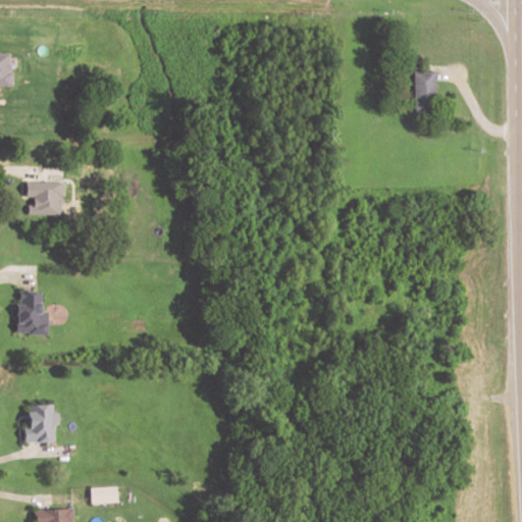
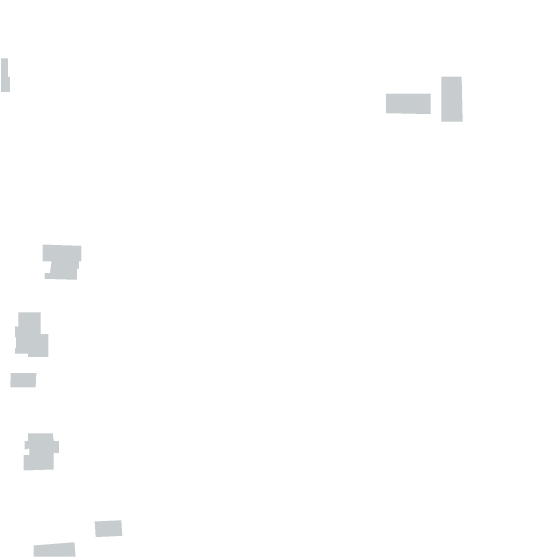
building: none -> [386,93,431,115]
building: [27,181,64,215] -> [42,244,82,280]
building: none -> [10,372,37,388]

